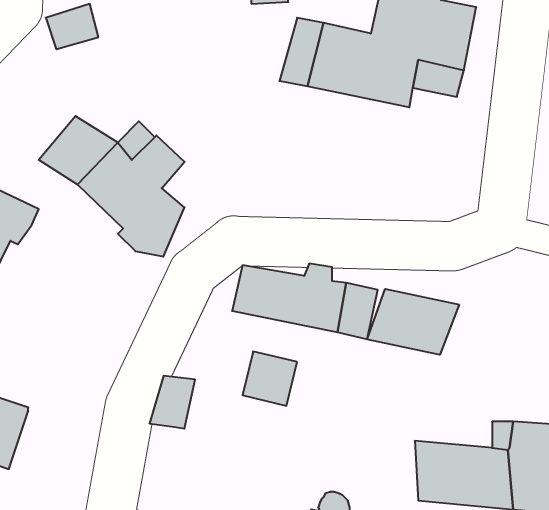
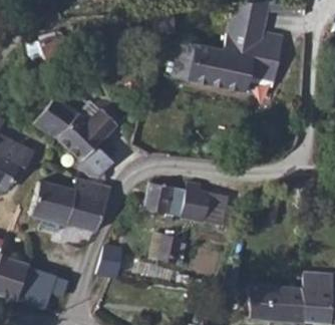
building: none -> [30,179,111,233]
building: [367,289,459,355] -> none
building: none -> [17,267,69,309]

